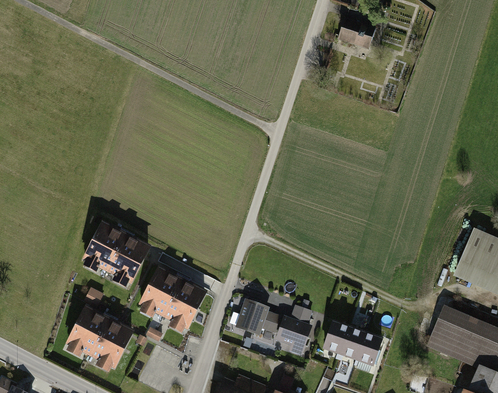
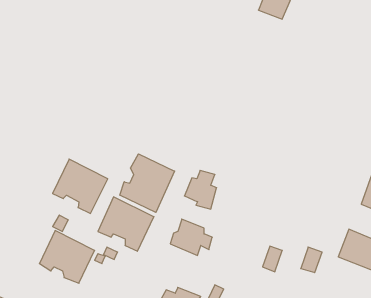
building: none -> [120,154,175,212]
building: [274,306,313,353] -> [184,170,217,209]
building: [322,321,347,352] -> none
building: [353,332,379,363] -> [301,247,322,273]

